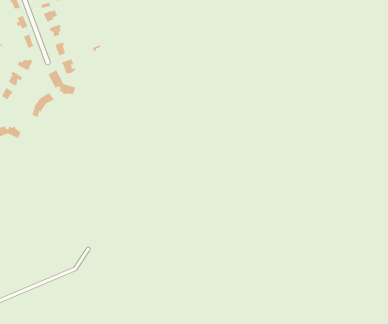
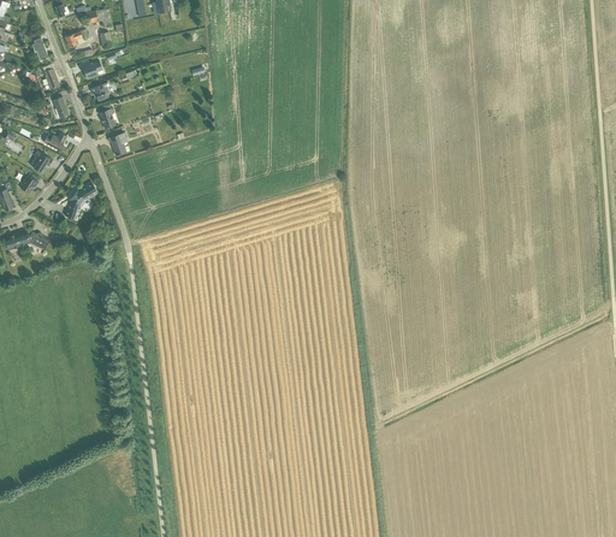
building: [48,69,76,96] -> none

